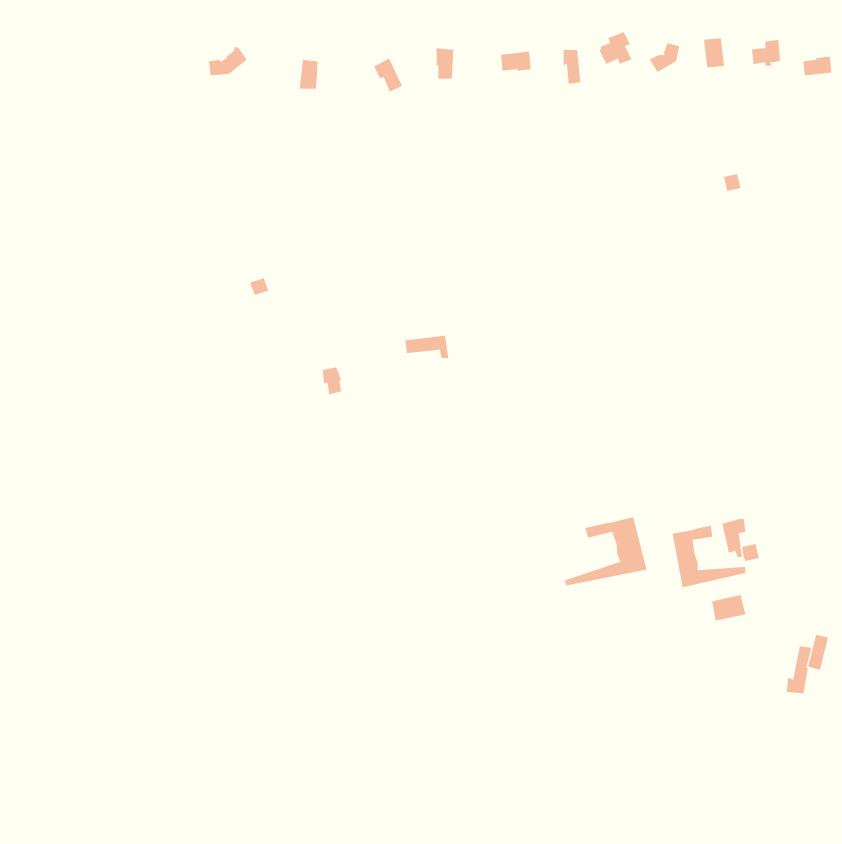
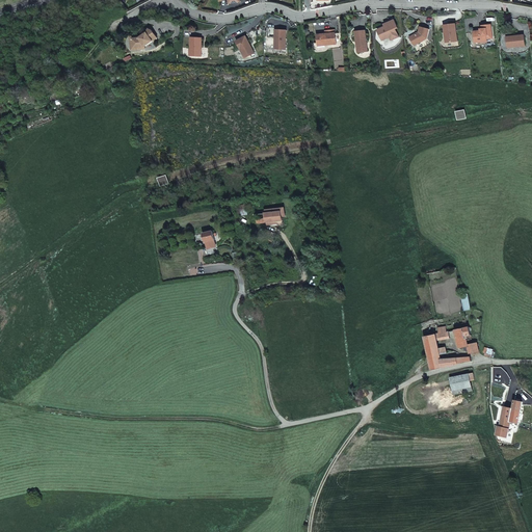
building: [564,517,647,586] -> none

